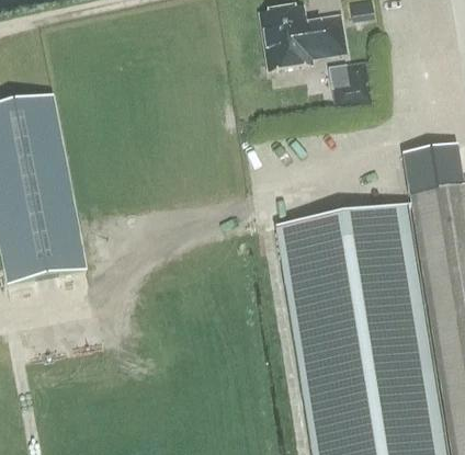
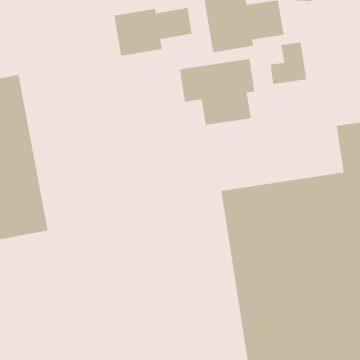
building: none -> [114,7,192,56]
building: none -> [180,58,255,126]

